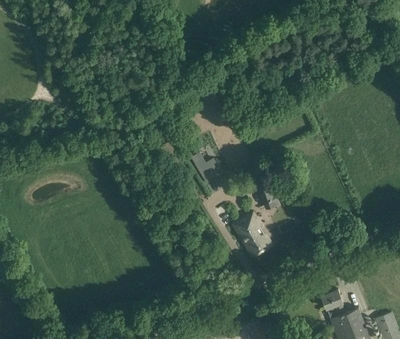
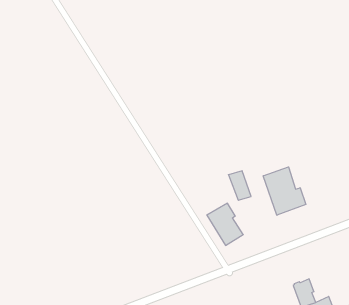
building: [192,153,218,184] -> none
building: none -> [263,167,306,215]

